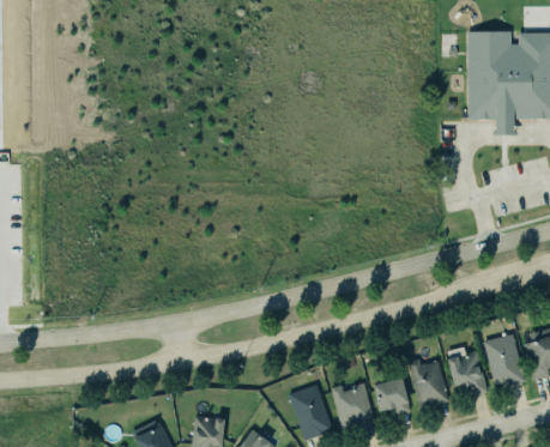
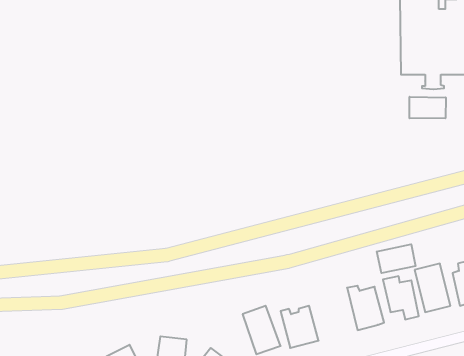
building: none -> [410,97,446,118]
building: none -> [377,244,416,273]
building: [374,379,410,415] -> none

